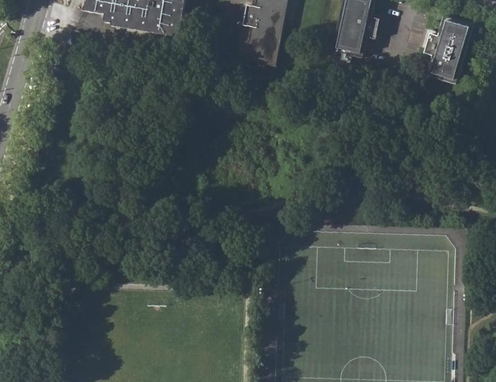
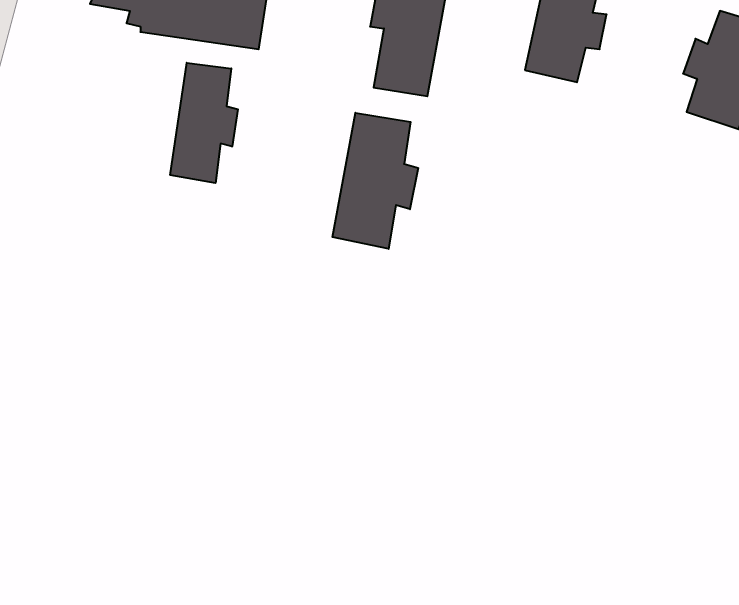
building: none -> [170,63,238,183]
building: none -> [332,113,418,249]

